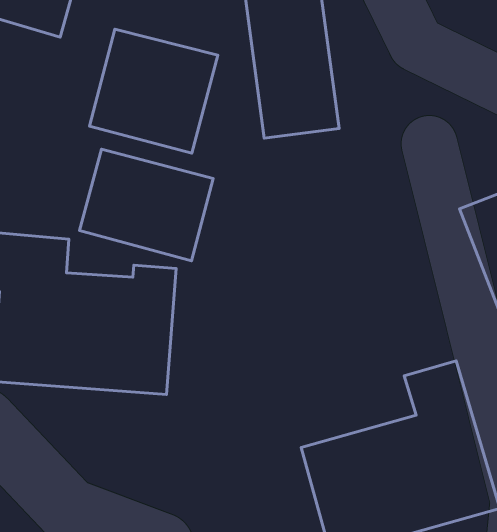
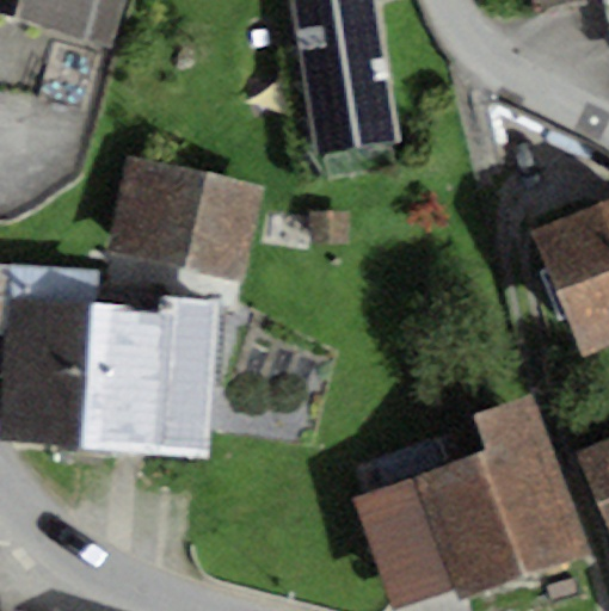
building: [89,29,218,153] -> none

